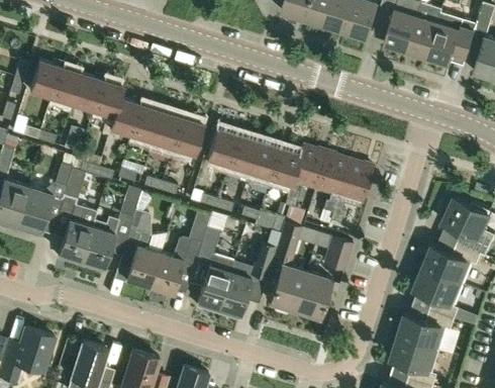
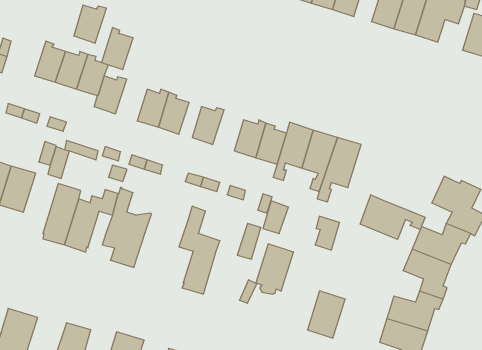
building: [29,61,62,98] -> [74,5,106,43]
building: [130,101,162,142] -> [101,28,133,70]
building: [226,131,257,172] -> none
building: none -> [360,195,425,239]
building: [148,238,201,294] -> none
building: [217,272,251,319] -> none
building: [294,272,331,318] -> [307,291,345,338]

